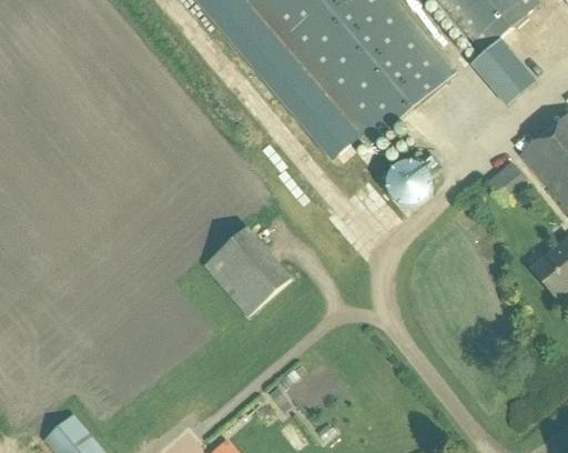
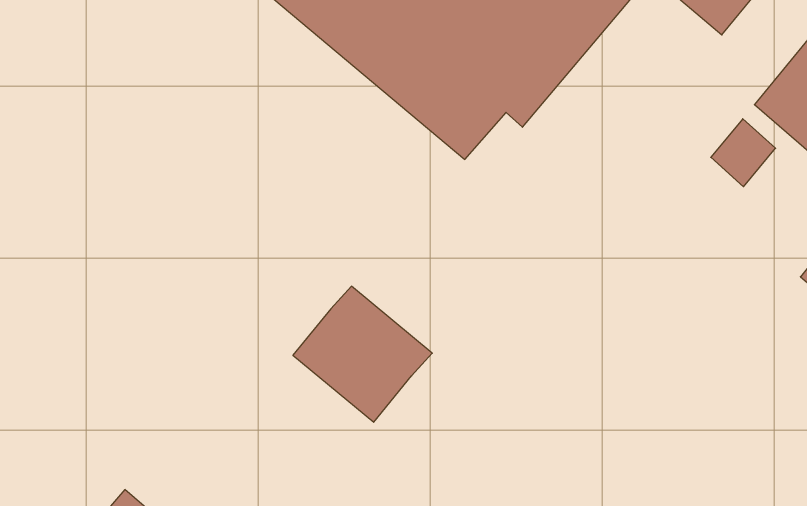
building: [387,160,432,204] -> none

